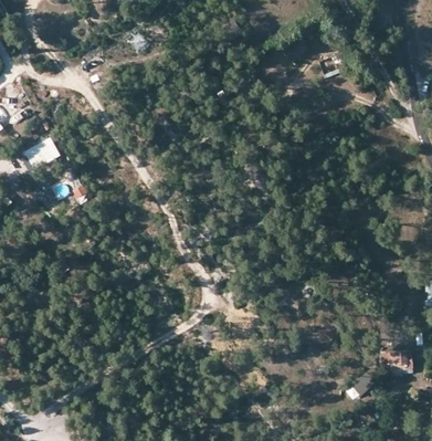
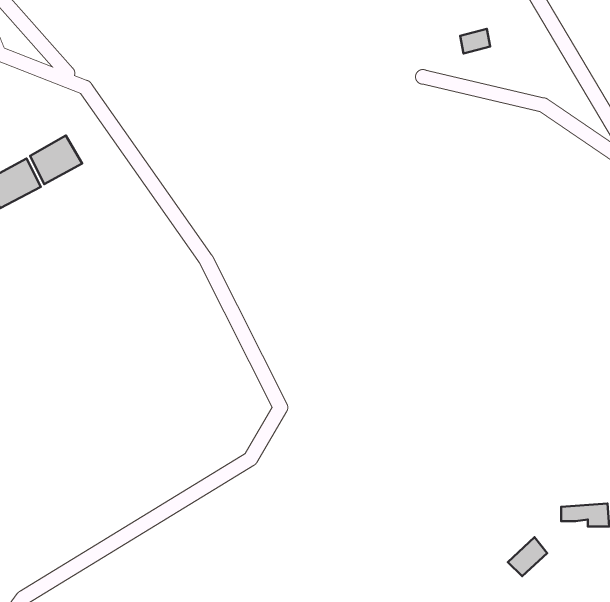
building: none -> [30,136,82,184]

